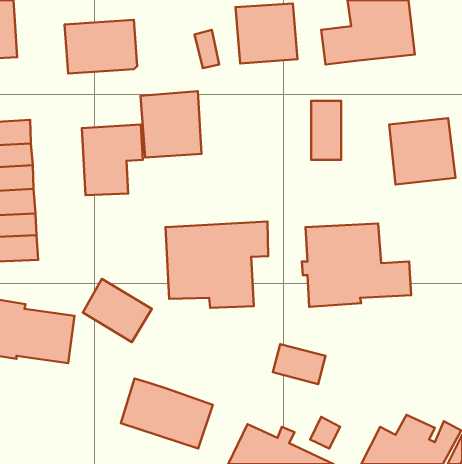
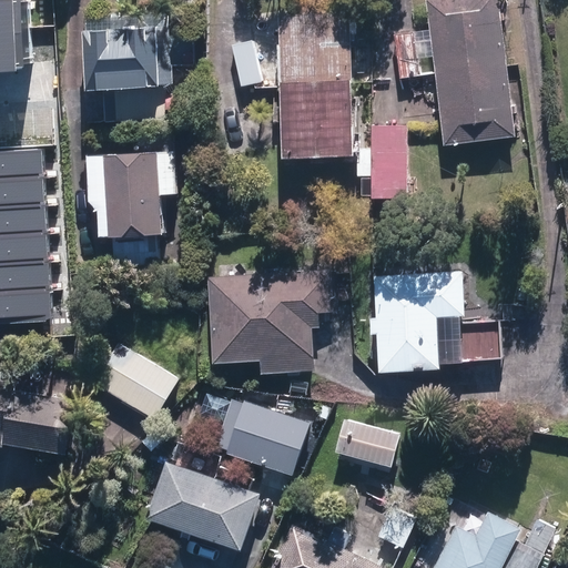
building: [141,91,202,158] -> [293,72,367,153]
building: [389,118,456,184] -> [434,67,515,148]
building: none -> [212,398,307,476]

